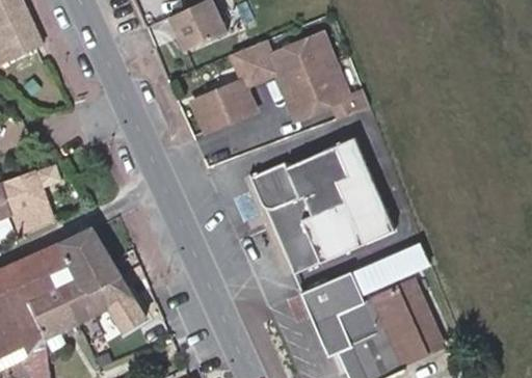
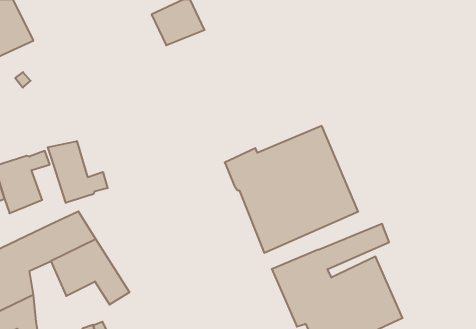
building: [191,33,370,131] -> none
building: none -> [48,141,108,203]
building: [39,284,79,349] -> none

